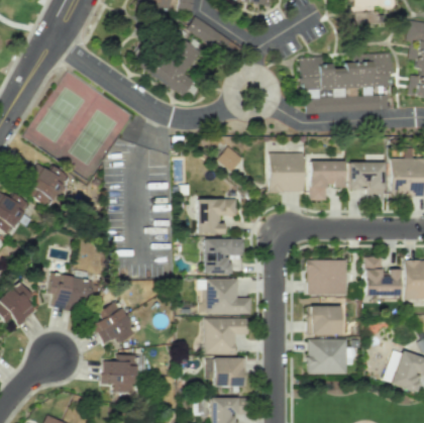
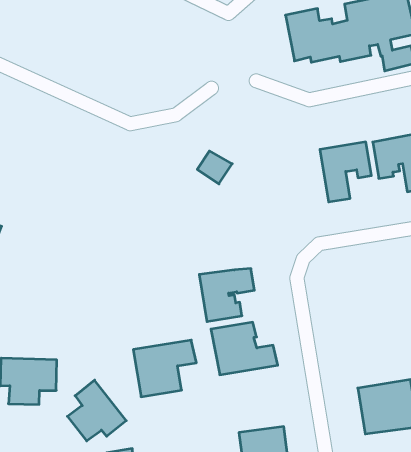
building: [148,34,201,96] -> none
building: [269,151,303,191] -> none
building: [199,197,238,232] -> none
building: [307,258,347,294] -> none
building: [308,304,339,332] -> none
building: [207,317,251,352] -> [133,340,196,397]

